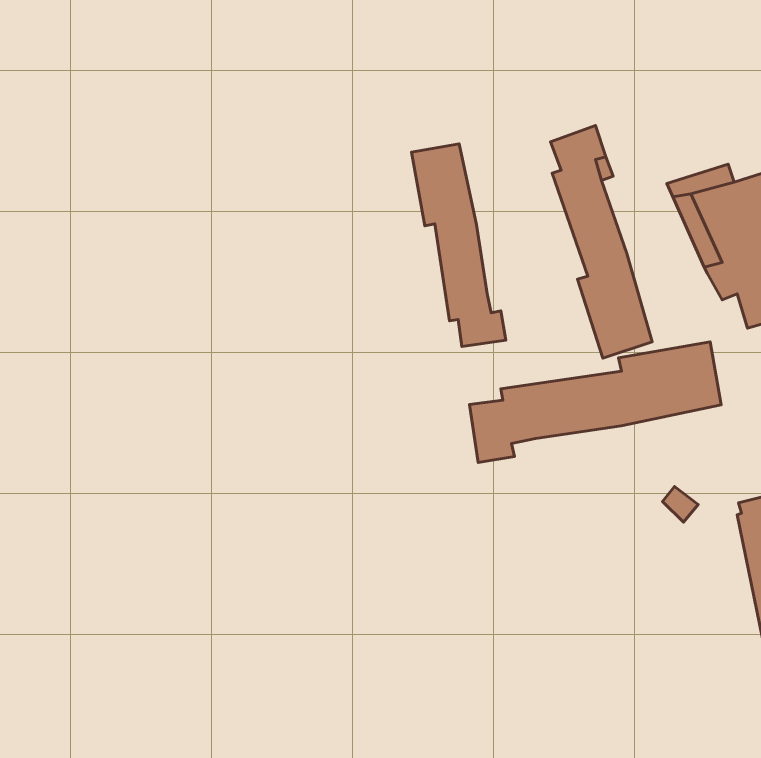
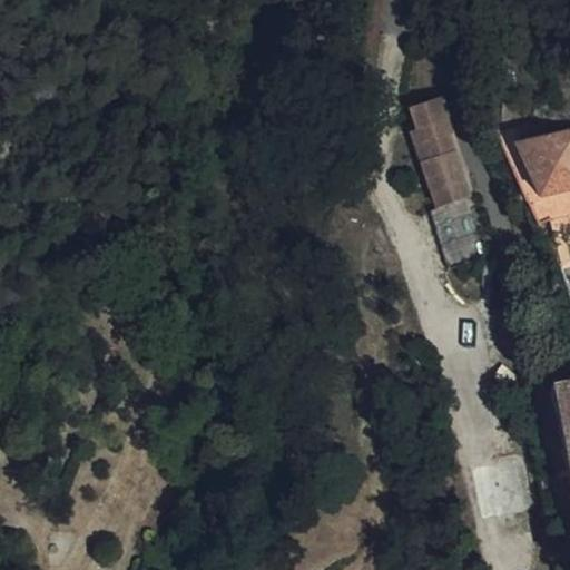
building: [412,144,506,346] -> none
building: [469,342,721,462] -> none

